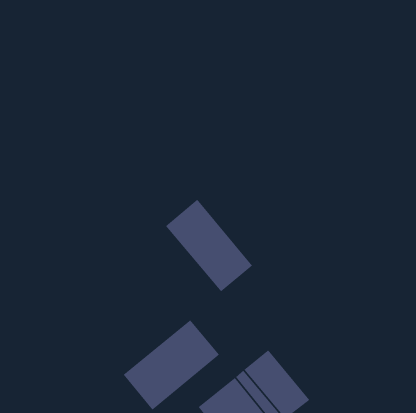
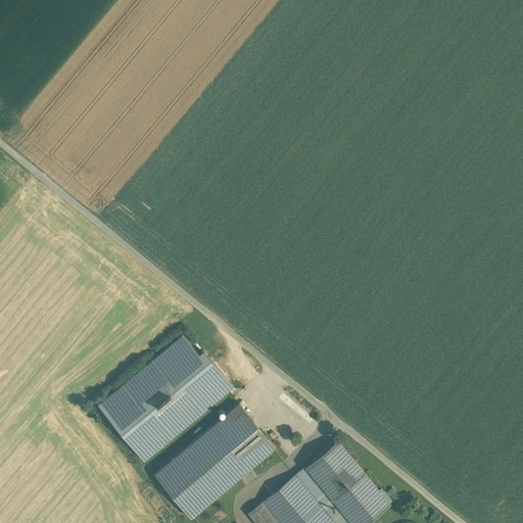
building: [165,199,253,292] -> none
building: none -> [98,336,233,462]

